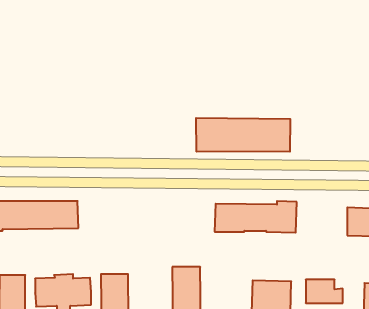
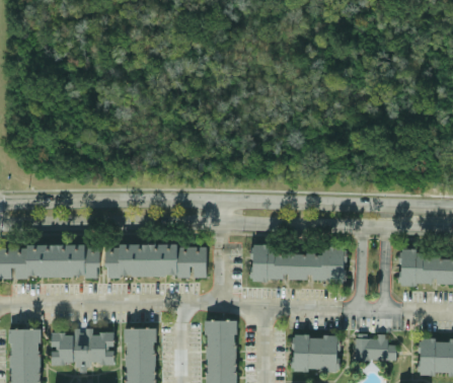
building: [196,118,290,152] -> none
building: none -> [106,245,206,278]

